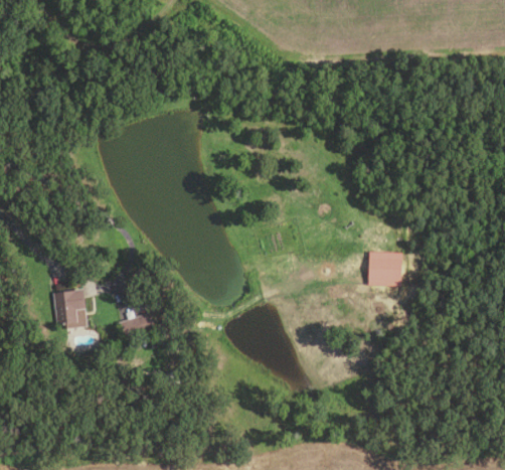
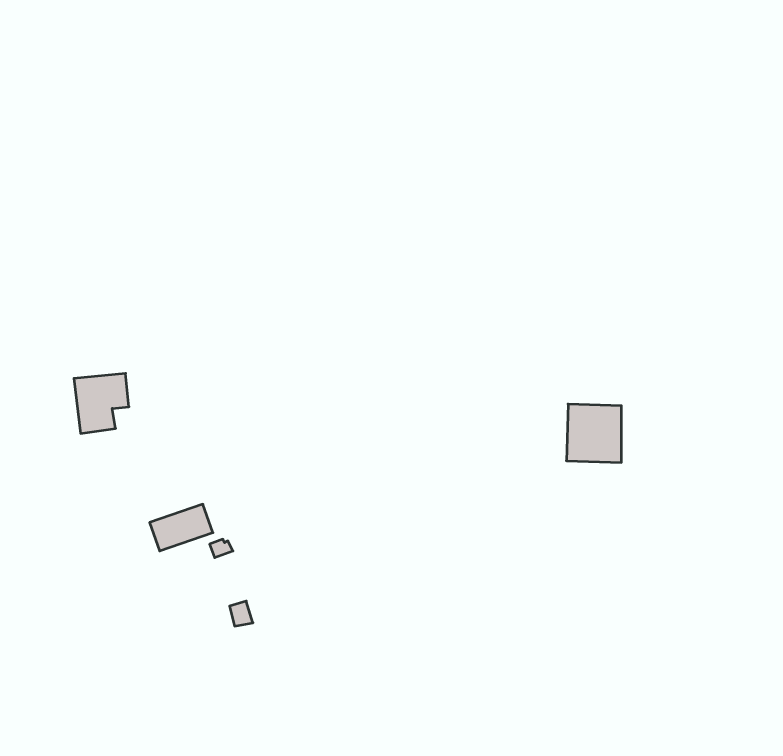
building: [53,288,87,324] -> [74,373,129,433]

